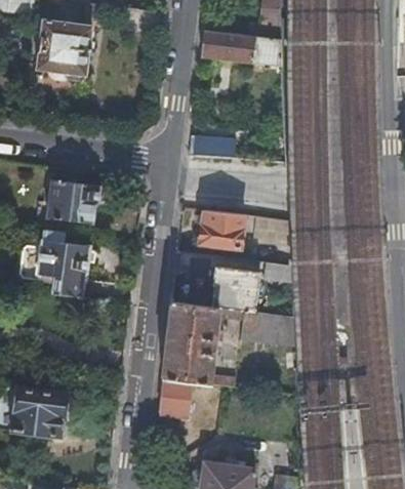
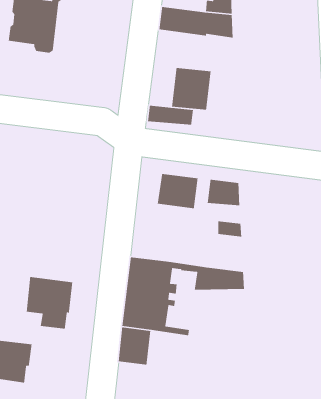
building: none -> [171,67,211,111]
building: [46,181,99,226] -> none
building: [38,242,89,299] -> [26,276,73,329]
building: [214,267,260,312] -> none

